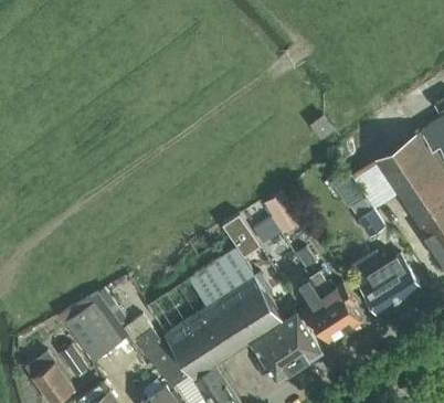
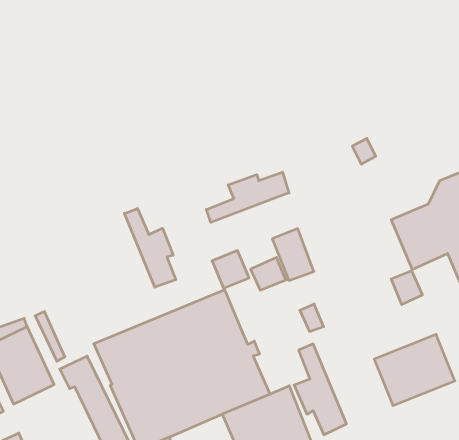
building: none -> [206,172,289,222]
building: none -> [124,208,176,287]
building: [309,272,361,333] -> none

